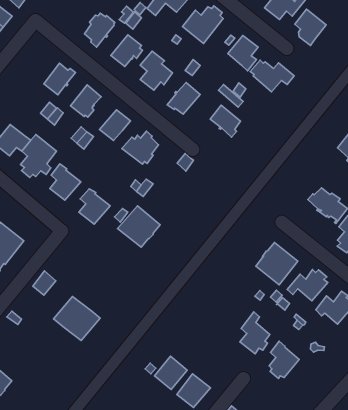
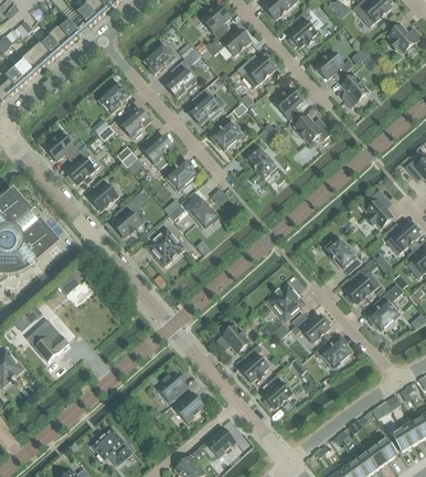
building: none -> [189,199,219,229]
building: none -> [215,325,249,353]
building: [53,296,100,340] -> [25,319,68,361]

